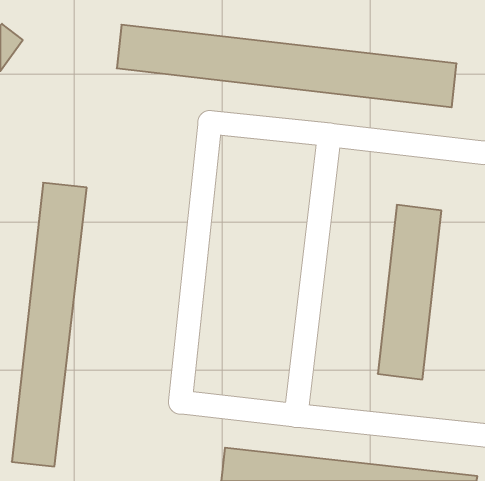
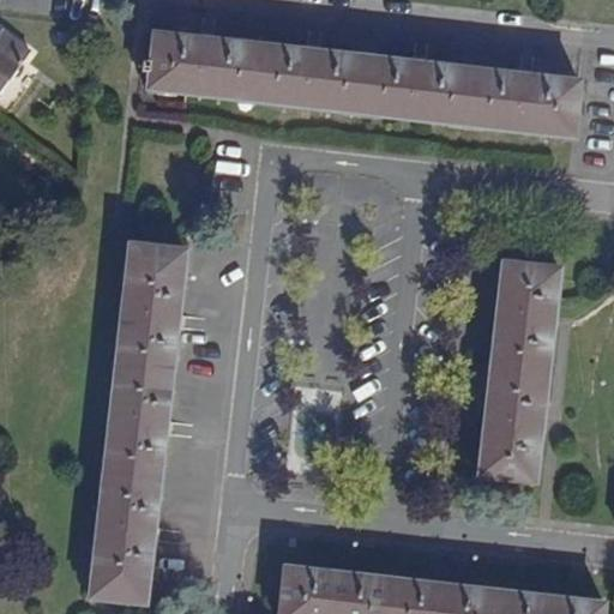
building: [12,183,87,466] -> [90,242,185,601]

